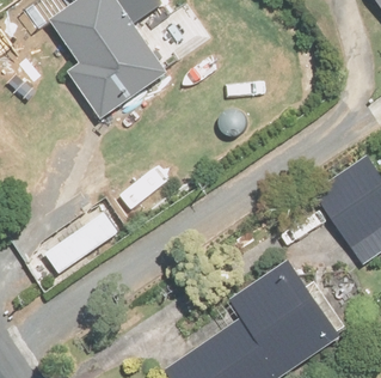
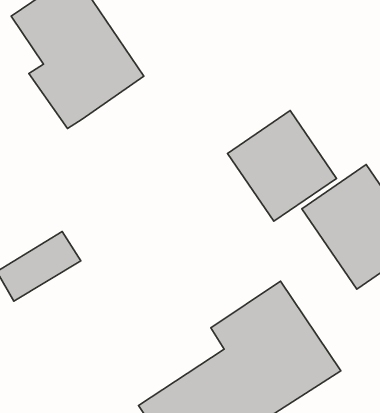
building: none -> [228,111,336,221]

